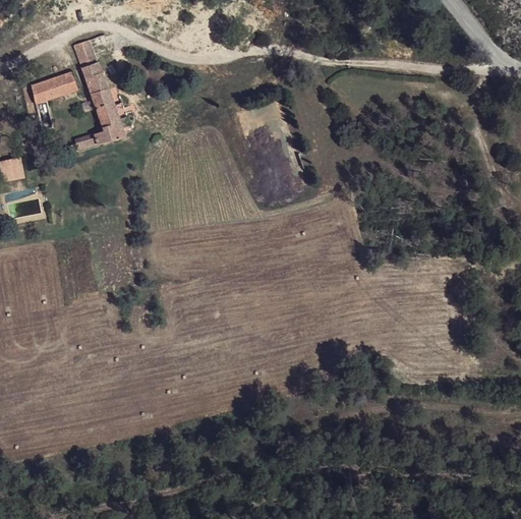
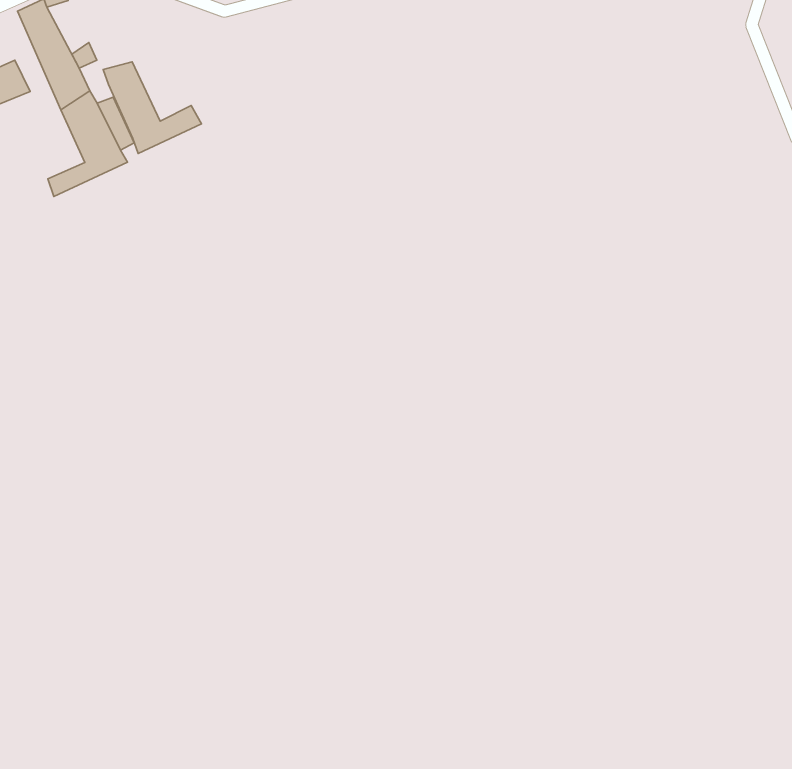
building: none -> [103,62,202,153]

